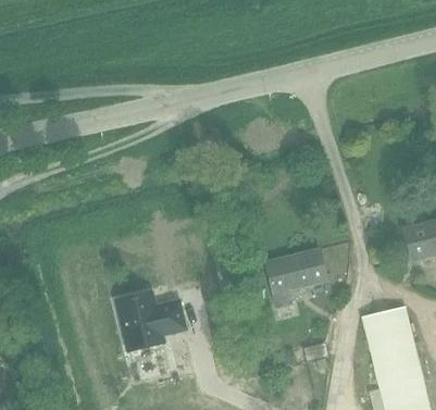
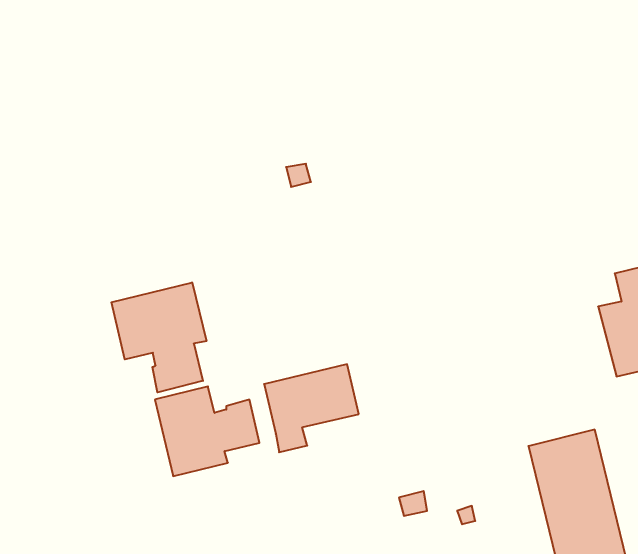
building: none -> [111,282,206,392]
building: [265,250,327,308] -> [264,364,359,452]

